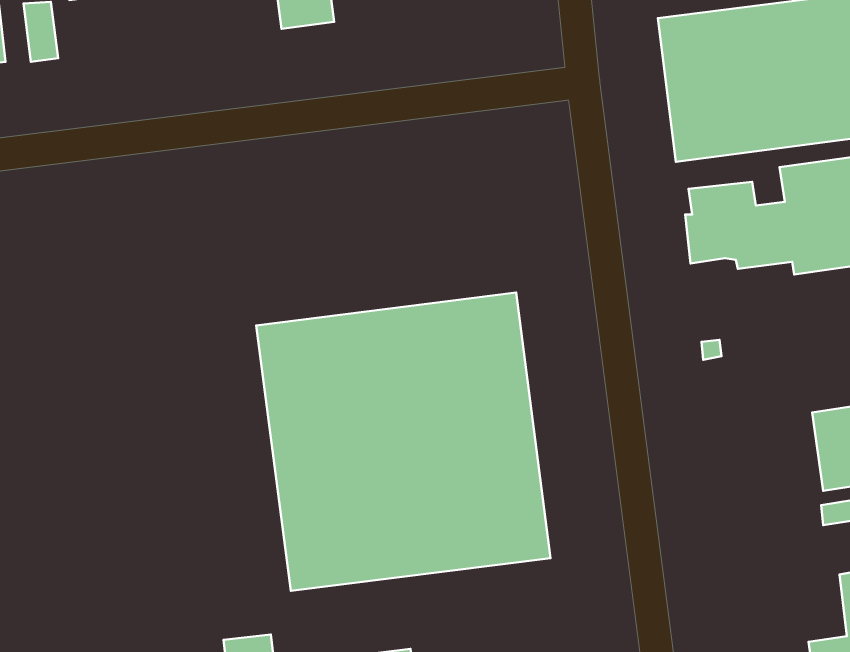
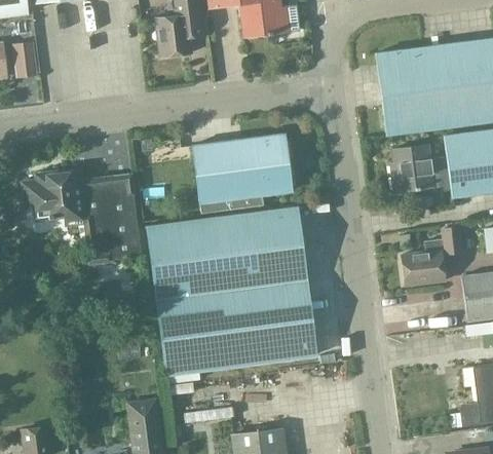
building: none -> [191,134,291,214]
building: none -> [23,169,141,262]
building: none -> [402,226,462,283]

